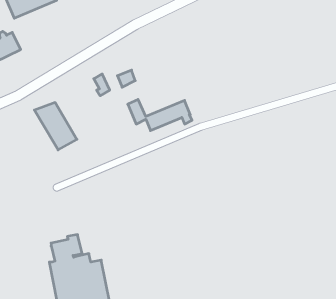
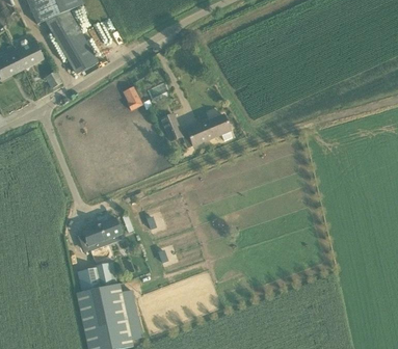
building: [34,103,77,150] -> [52,21,99,73]
building: none -> [83,217,122,250]

